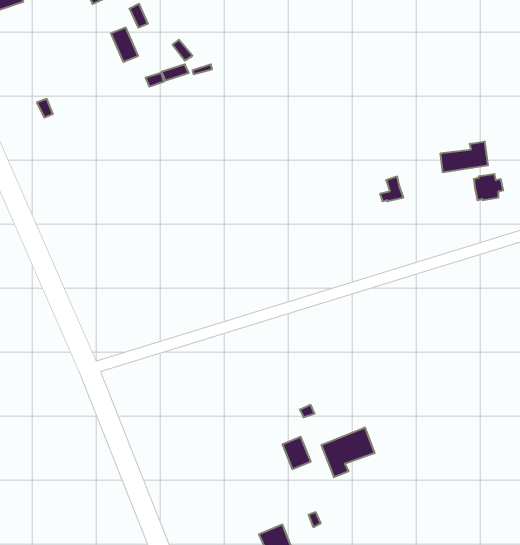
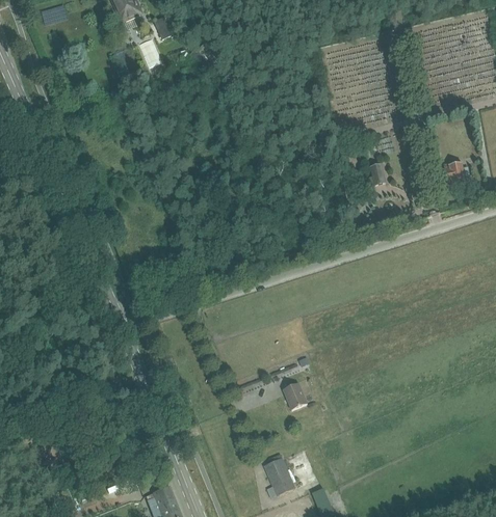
building: [441,141,488,172] -> none
building: [322,427,375,477] -> none

